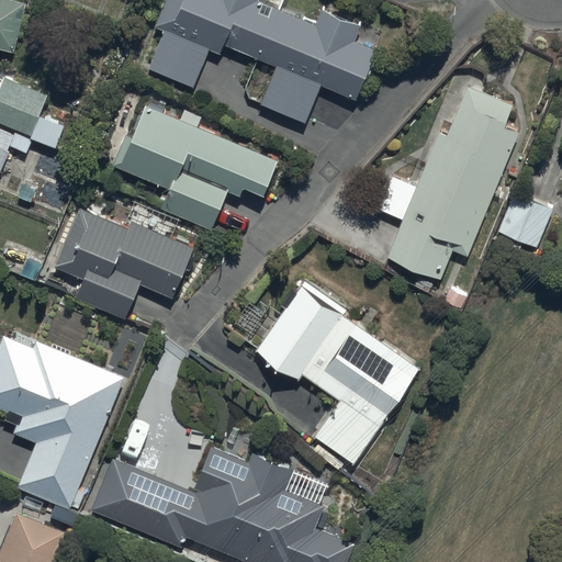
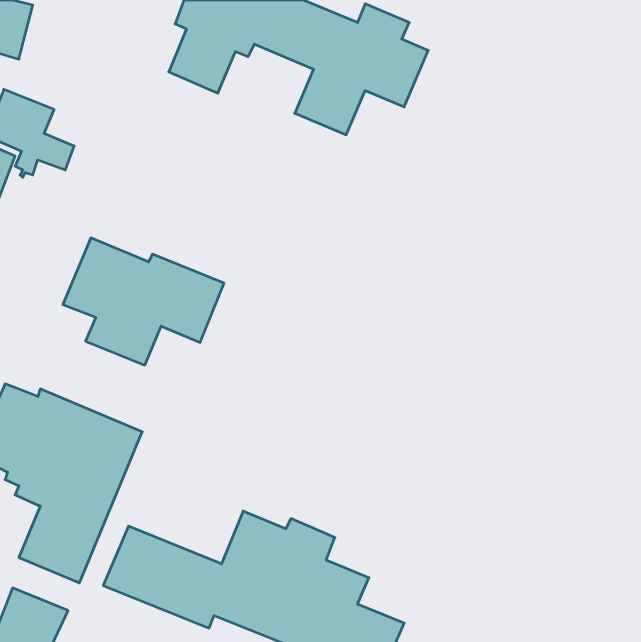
building: [376,90,518,281] -> none
building: [114,108,279,231] -> none
building: [496,194,551,248] -> none
building: [254,286,418,463] -> none

